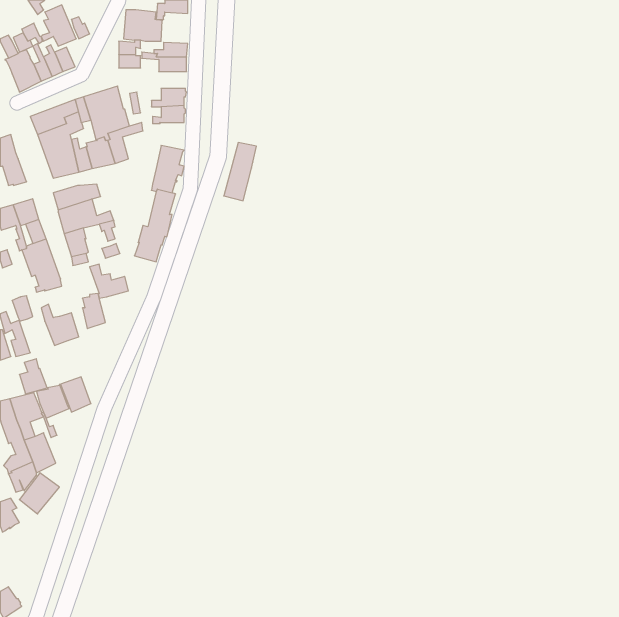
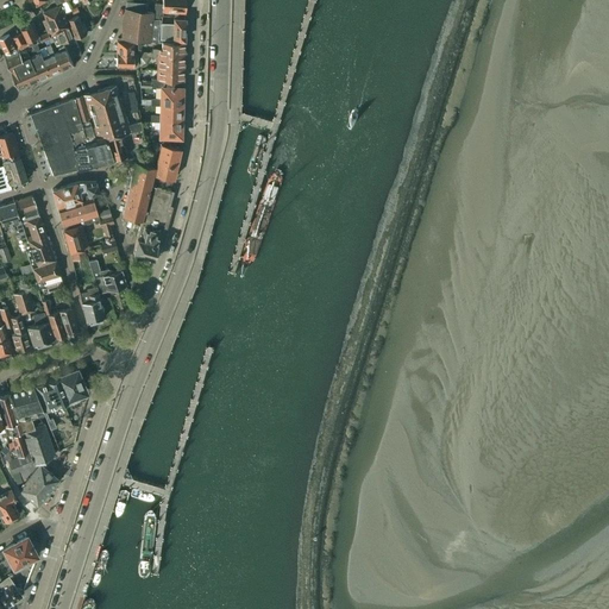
building: none -> [159,18,184,43]
building: none -> [139,73,183,90]
building: none -> [157,123,182,150]
building: [224,143,256,201] -> [121,164,153,221]
building: [19,359,47,394] -> [26,313,54,347]
building: none -> [5,539,36,569]

